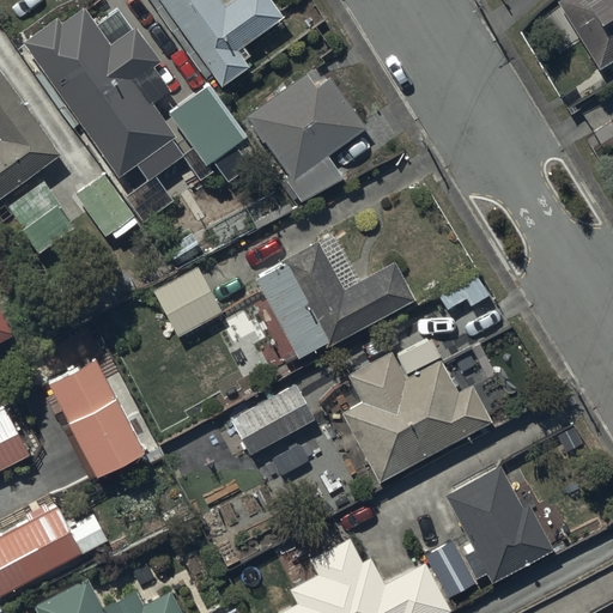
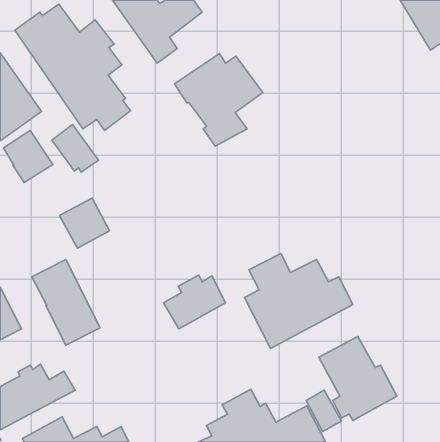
building: [168,85,251,176] -> none
building: [254,239,415,359] -> none
building: [152,267,221,336] -> [59,198,110,248]

